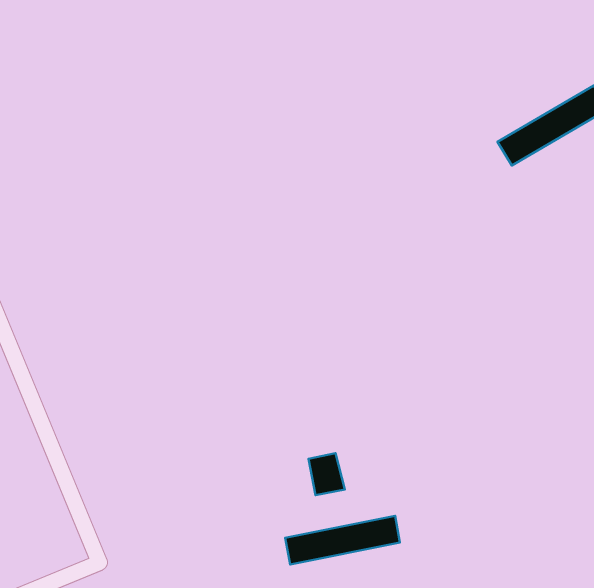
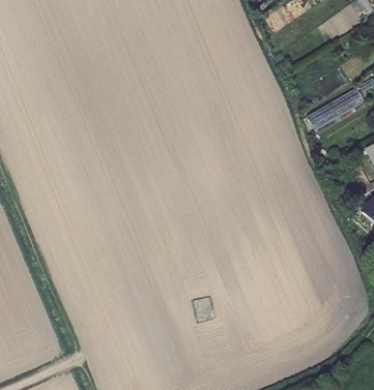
building: [285,516,400,564] -> none

